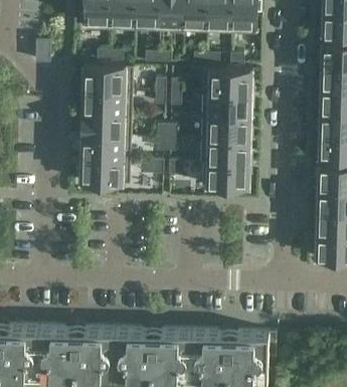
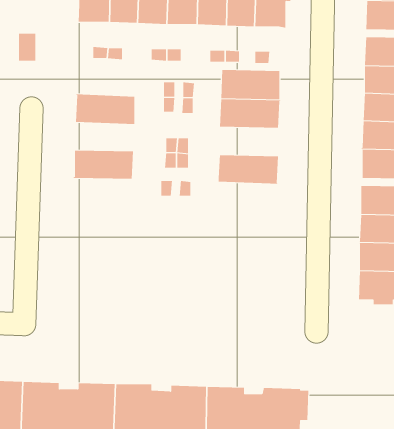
building: [82,66,133,91] -> none
building: [81,113,132,137] -> none
building: [201,117,250,141] -> none
building: [80,159,130,188] -> none
building: [200,162,250,191] -> none

